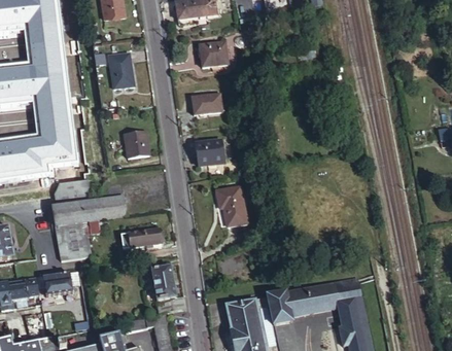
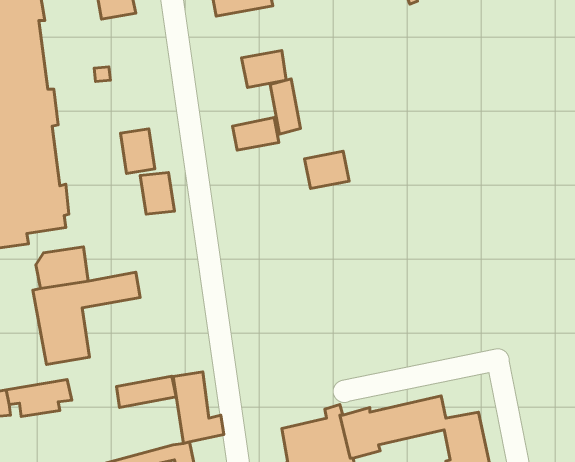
building: [109,56,133,86] -> [121,129,155,173]
building: none -> [270,79,300,134]
building: [195,141,225,167] -> [304,151,349,189]
building: [213,186,245,225] -> none
building: [120,227,162,249] -> [117,376,176,407]

